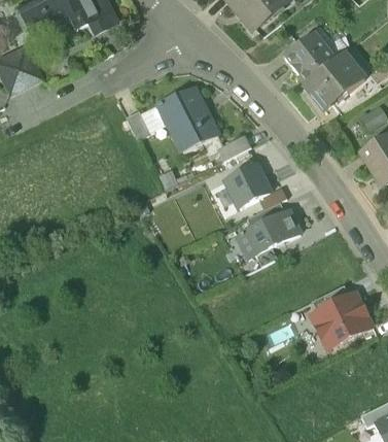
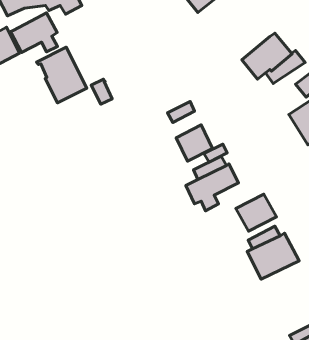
building: none -> [11,13,58,52]
building: [284,30,338,83] -> none
building: [156,86,216,151] -> [37,47,87,103]
building: none -> [236,194,276,231]

